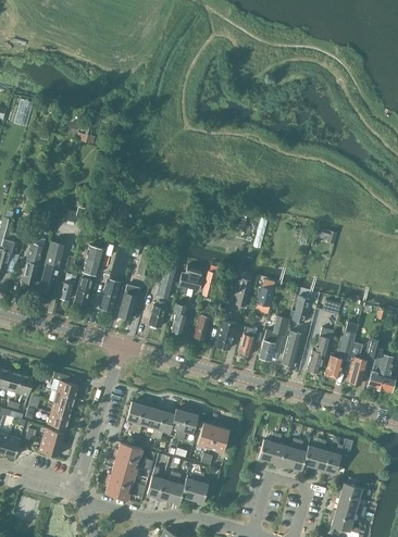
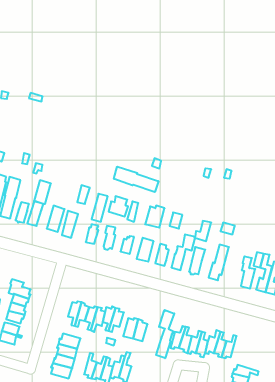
building: none -> [114,167,158,192]
building: [325,322,358,378] -> none
building: none -> [156,310,174,358]

